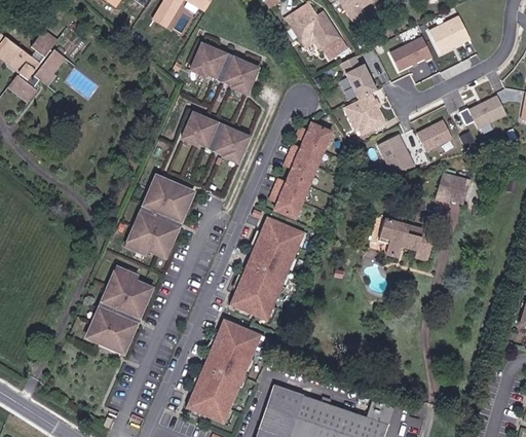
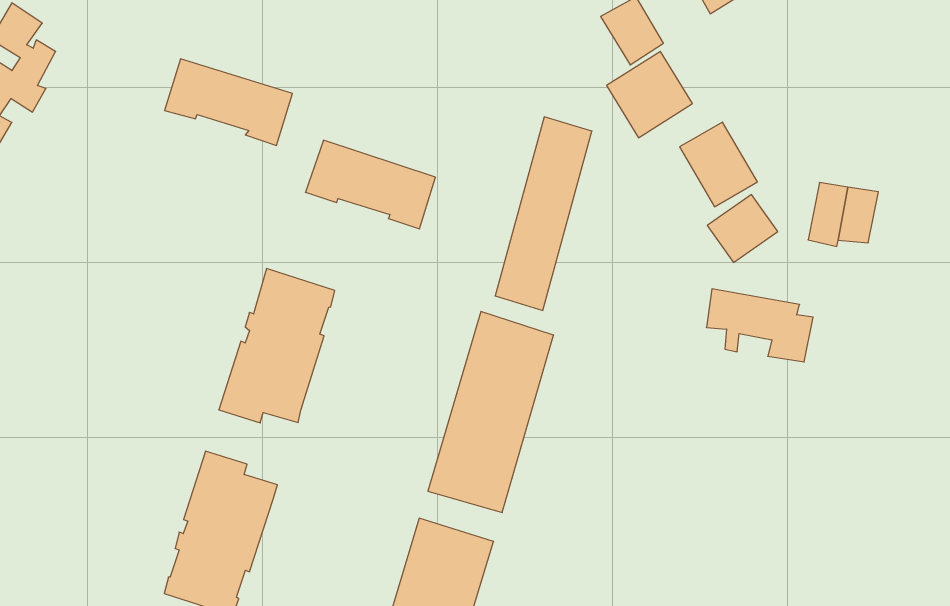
building: [192,50,259,101] -> [165,59,292,145]
building: [468,95,505,126] -> none
building: [418,121,454,155] -> [707,195,778,262]

